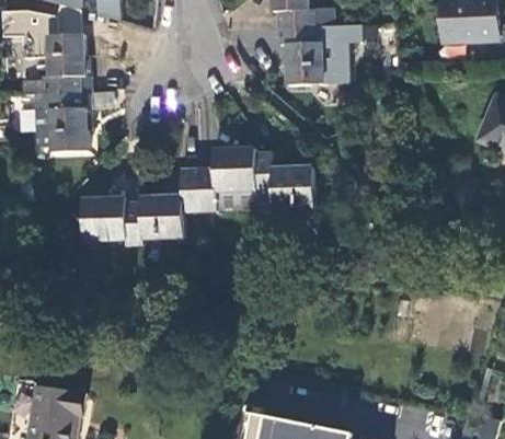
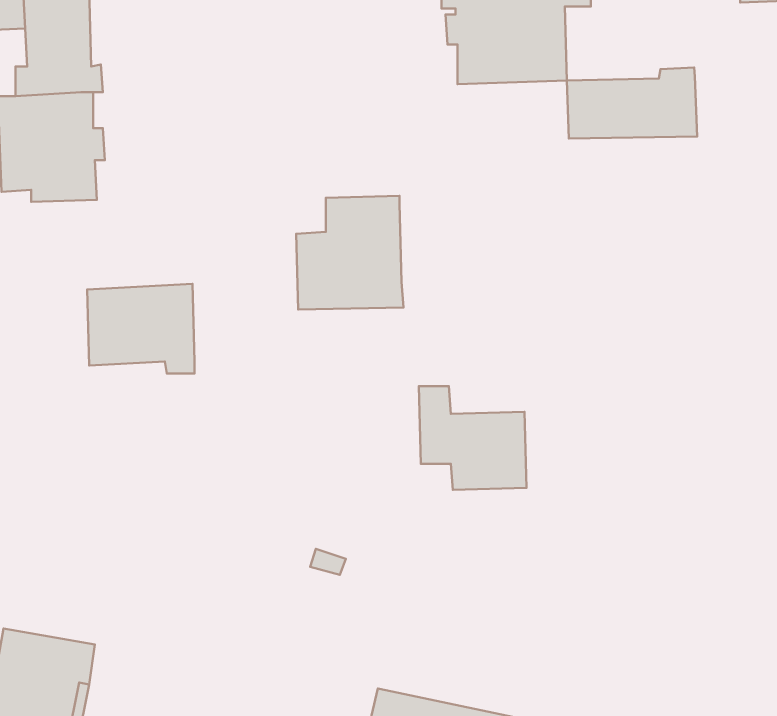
building: none -> [567,67,697,139]
building: [254,151,313,208] -> [419,386,526,490]
building: [140,167,198,238] -> none

